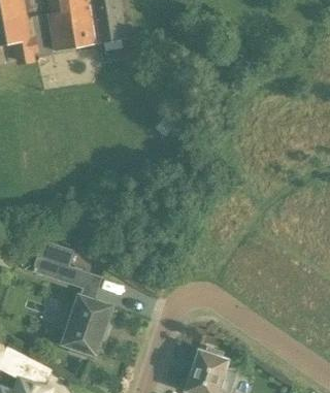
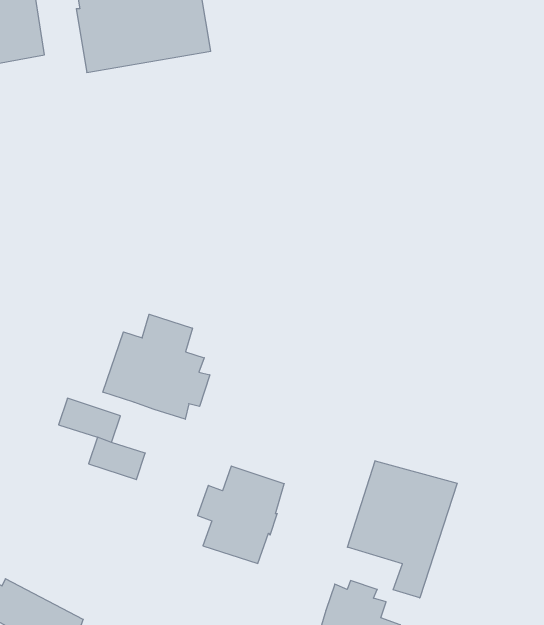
building: none -> [103,314,210,419]
building: none -> [347,461,457,598]
building: [60,297,110,354] -> [198,466,284,563]

